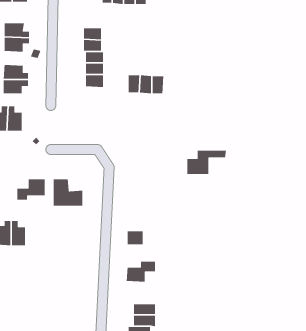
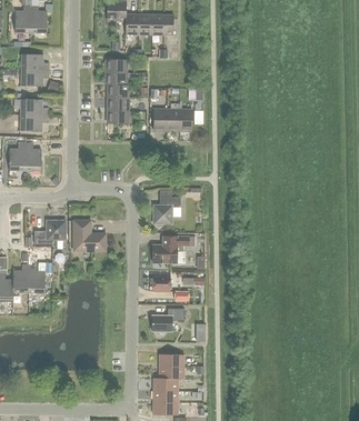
building: [186,150,227,175] -> [151,235,195,262]
building: none -> [152,197,179,225]

